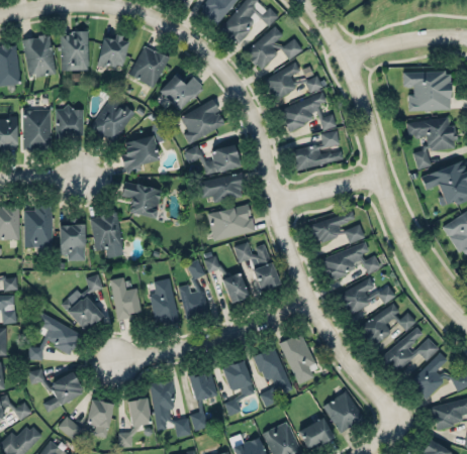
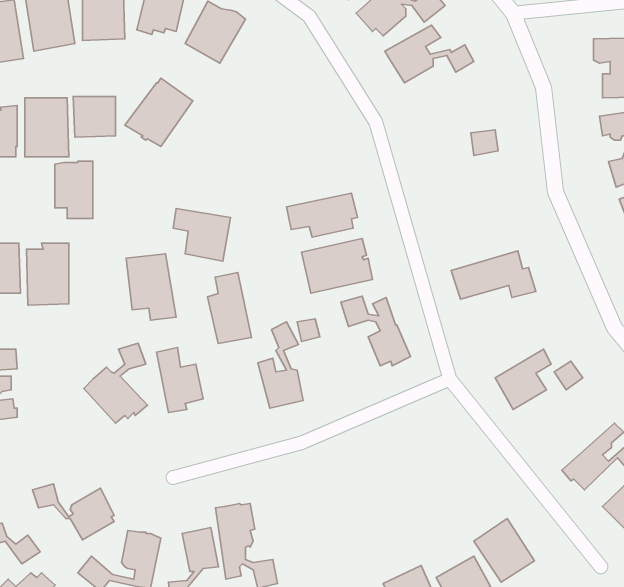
building: [159,75,204,110] -> none
building: [278,91,336,133] -> none
building: [180,98,224,143] -> none
building: [121,136,159,174] -> none
building: [184,143,239,175] -> none
building: [292,145,343,171] -> none
building: [60,222,85,260] -> [55,161,93,219]
building: [319,242,380,281] -> none
building: [221,273,249,305] -> none
building: [149,279,178,327] -> [208,272,251,344]
building: [357,305,415,349] -> none
building: [27,312,80,361] -> none
building: [279,334,314,384] -> none
building: [252,345,291,407] -> none
building: [221,360,255,416] -> none
building: [187,371,217,431] -> none

